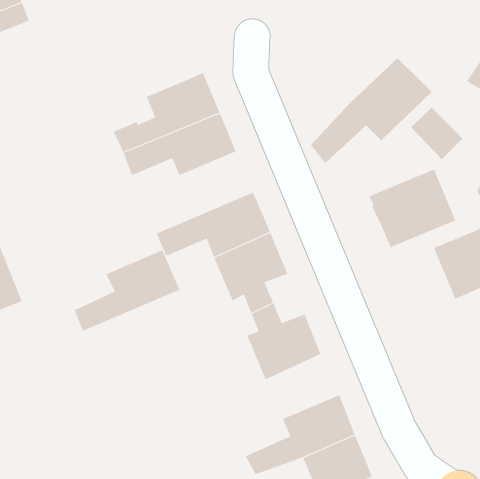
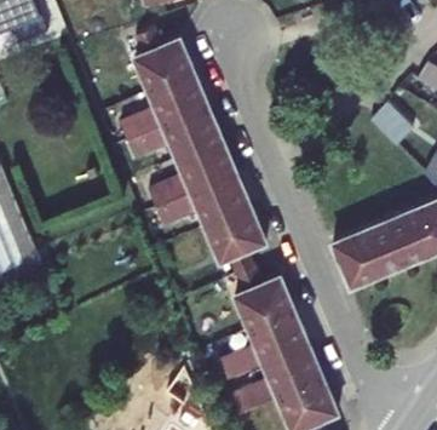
building: none -> [125,27,195,93]
building: [310,57,433,164] -> none
building: [369,169,456,248] -> [333,220,407,287]
building: [74,250,180,332] -> [148,139,237,208]
building: none -> [219,310,310,380]

